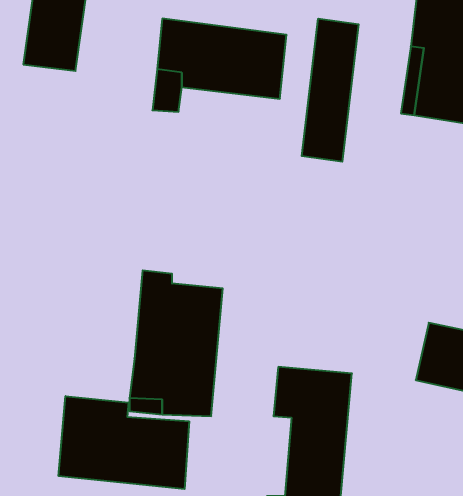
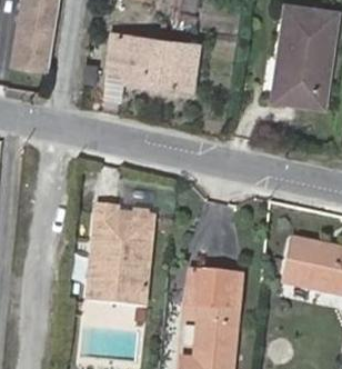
building: [302,19,359,162] -> none
building: [59,396,189,489] -> none

